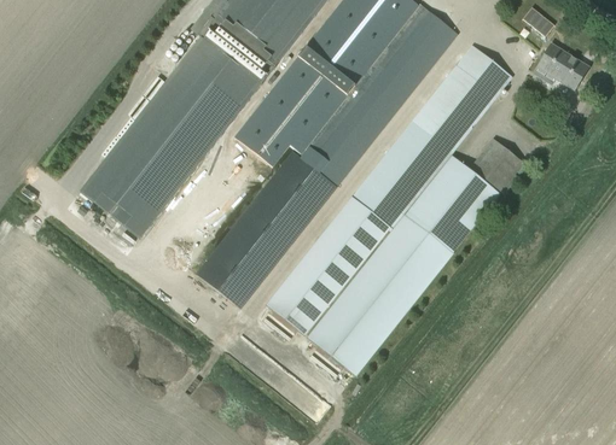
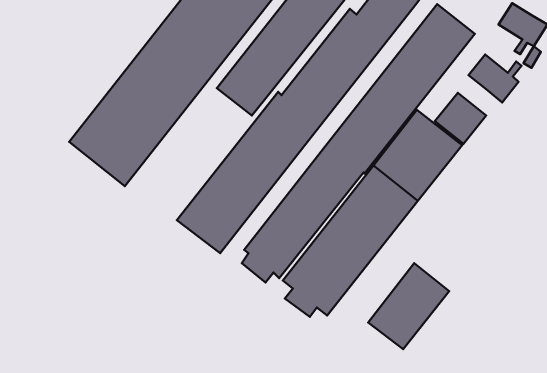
building: none -> [469,54,522,102]
building: none -> [368,263,449,349]

